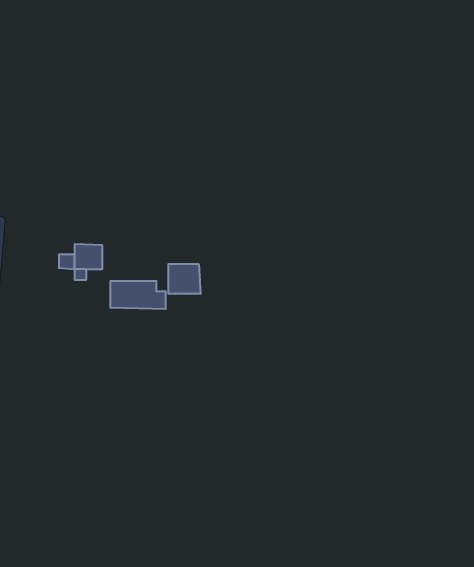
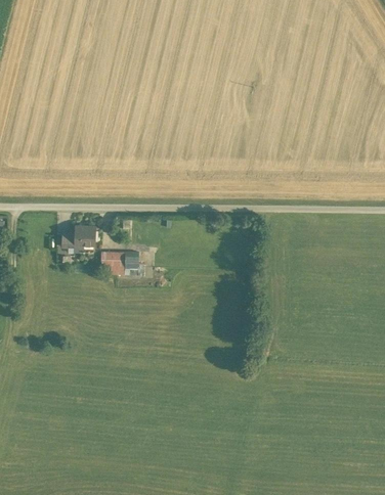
building: [168,264,200,294] -> none

